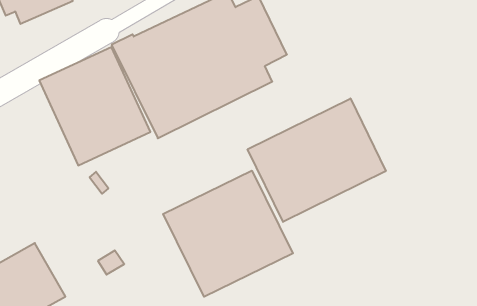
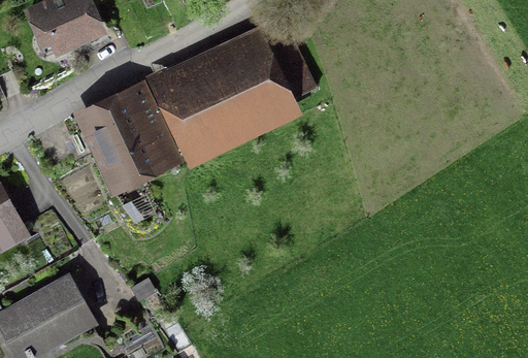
building: [248,98,386,222] -> none
building: [163,171,293,297] -> none

